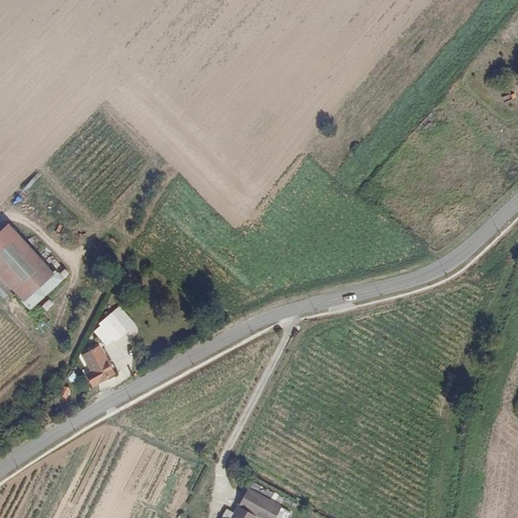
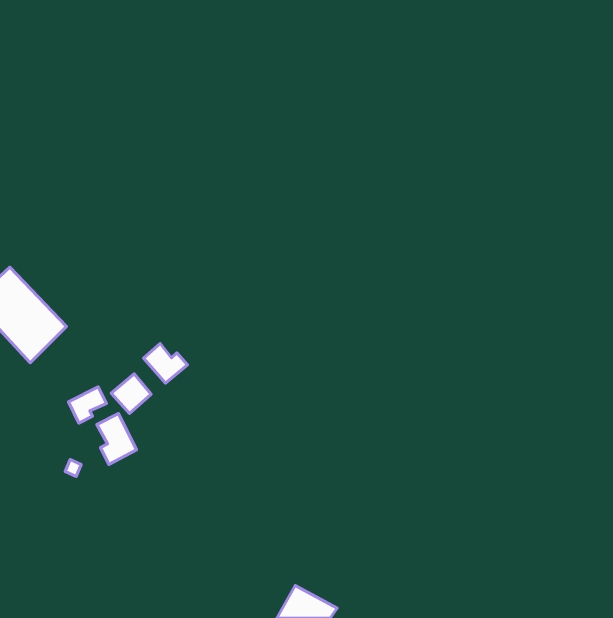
building: none -> [143,343,187,383]
building: none -> [69,387,107,423]

